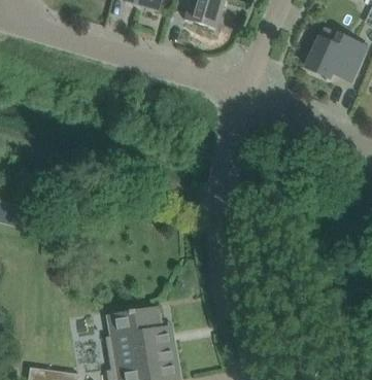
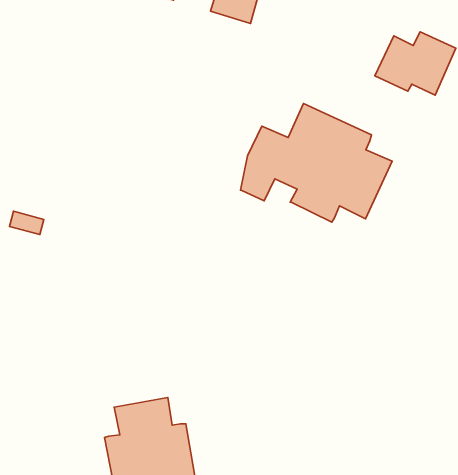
building: none -> [241,104,392,222]

